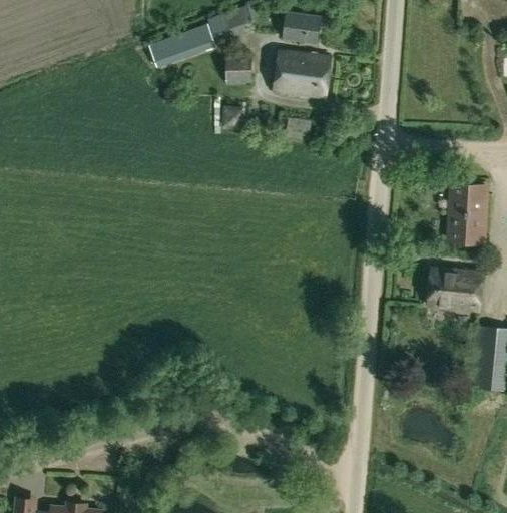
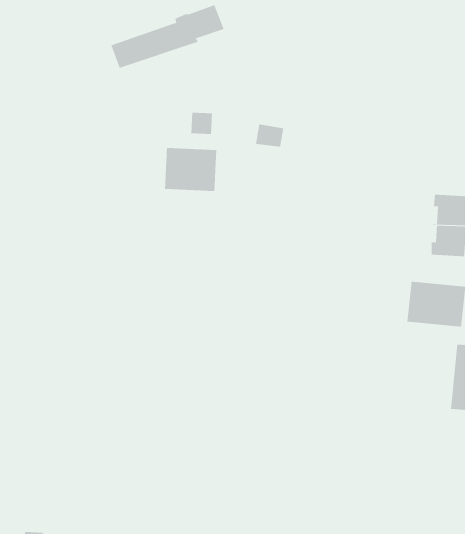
building: [283,11,322,44] -> none
building: [275,51,332,98] -> none
building: [226,53,254,84] -> none
building: none -> [164,147,217,192]

